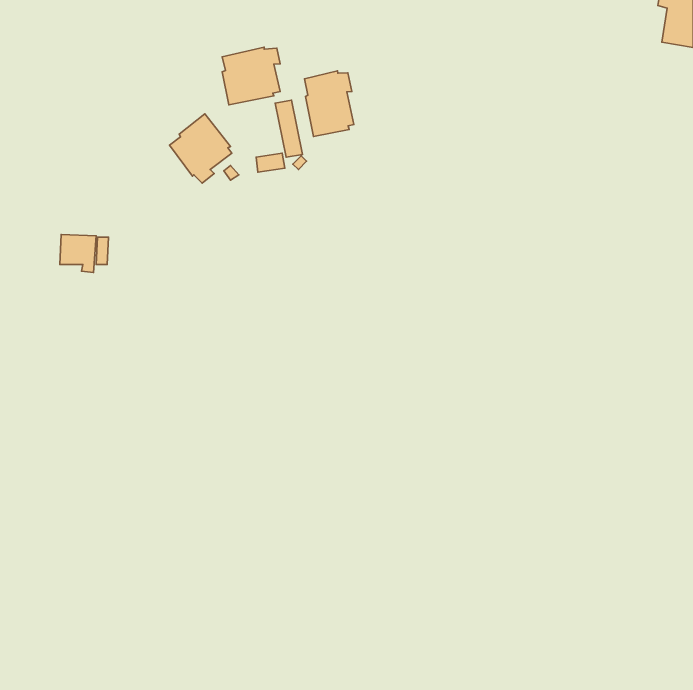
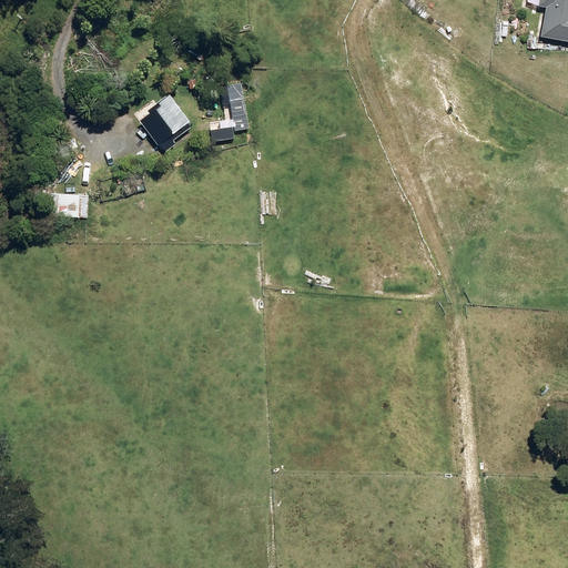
building: [222,47,280,105] -> none
building: [304,71,354,137] -> none

